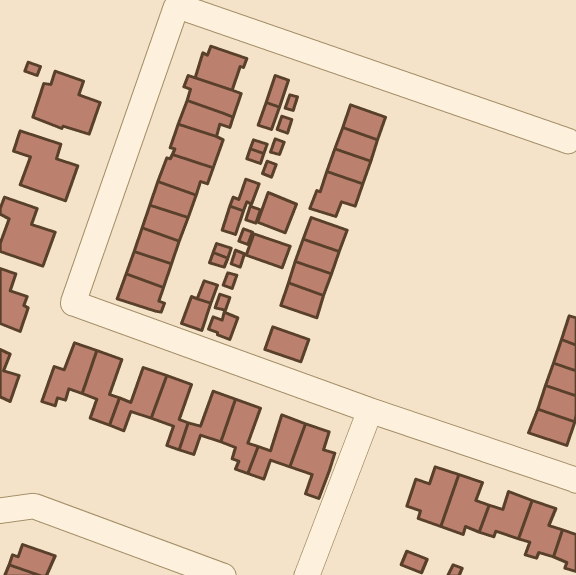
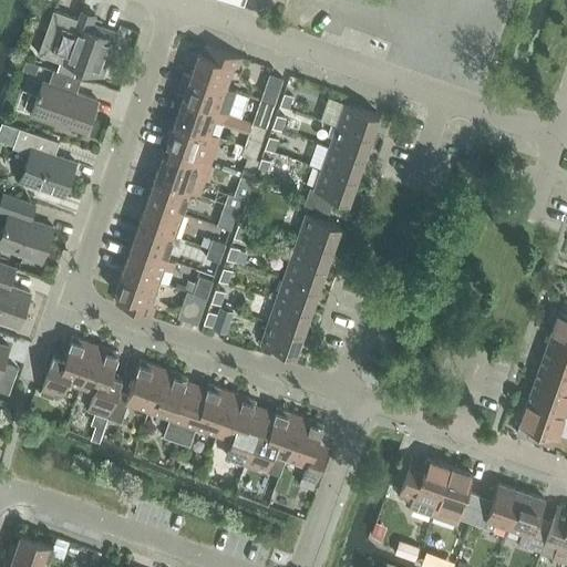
building: none -> [40,11,118,78]
building: [257,193,296,233] -> none
building: [246,234,290,268] -> [268,301,311,334]

